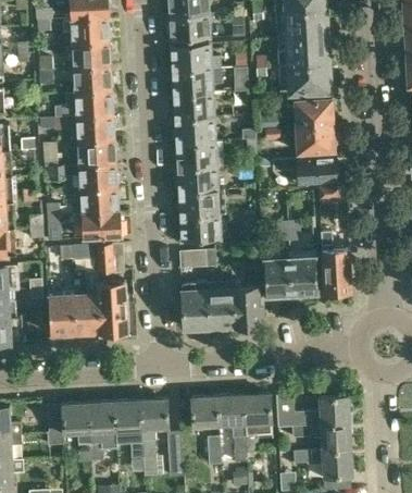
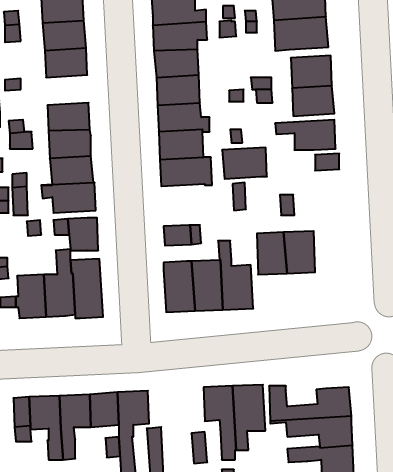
building: [77,115,115,143] -> none
building: [180,213,221,242] -> [222,148,267,179]
building: [324,244,351,292] -> none
building: [192,396,220,428] -> none

